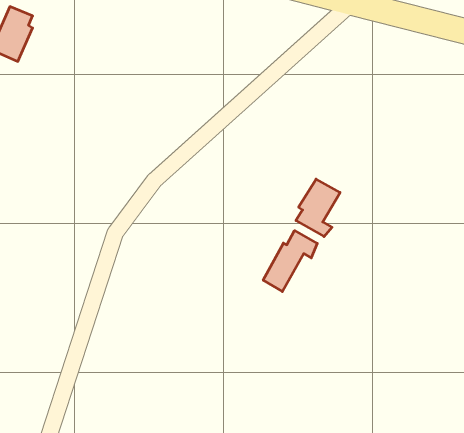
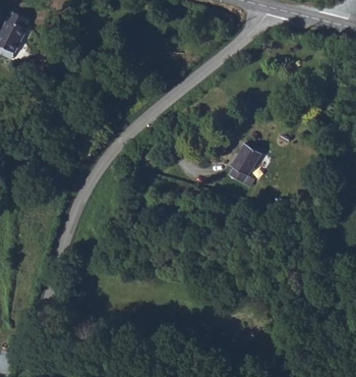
building: [263,231,317,292] -> none

